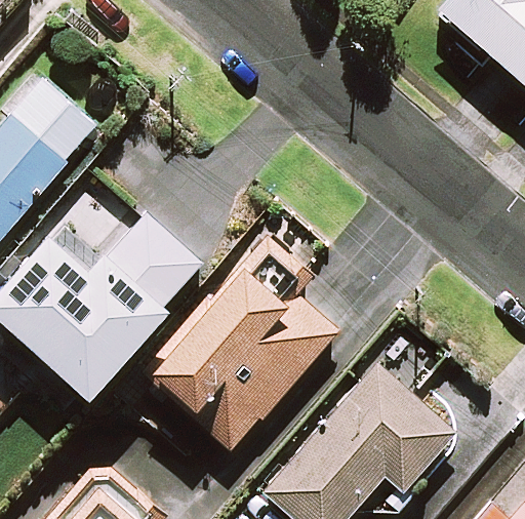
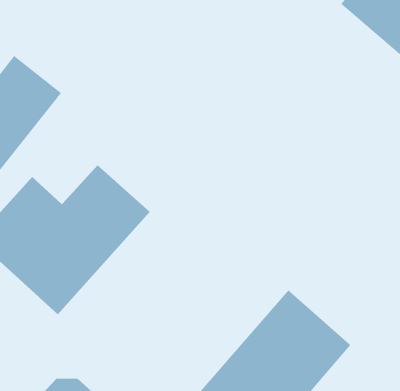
building: [153,267,335,450] -> none

